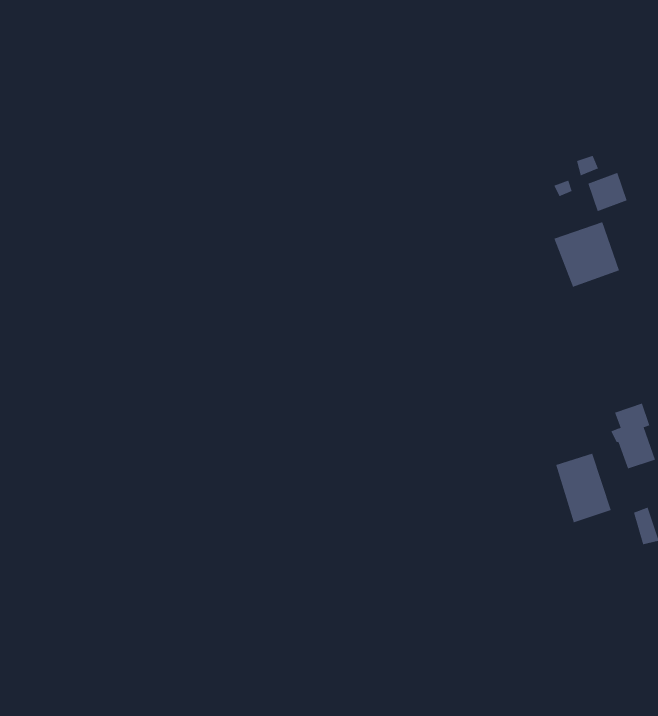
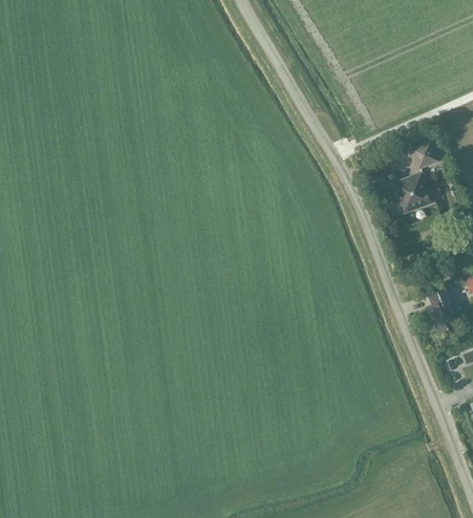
building: [555,453,612,523] -> none

